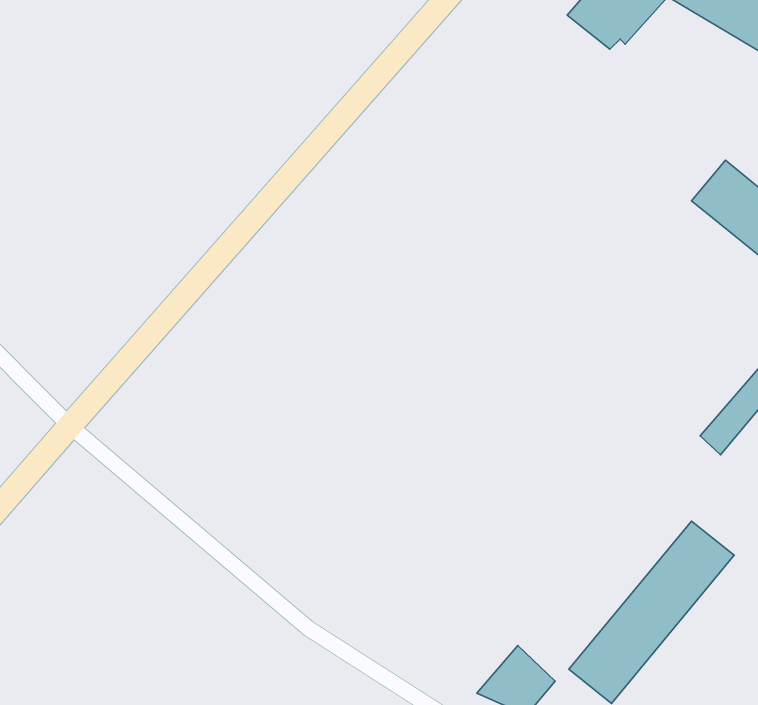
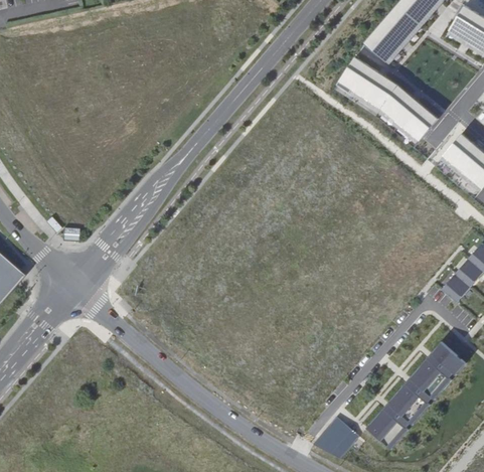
building: none -> [335,55,439,148]

